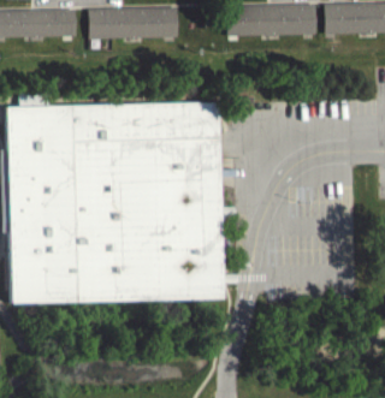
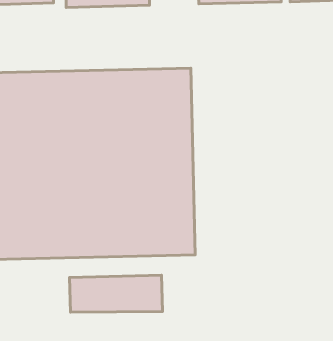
building: none -> [69,275,163,312]

